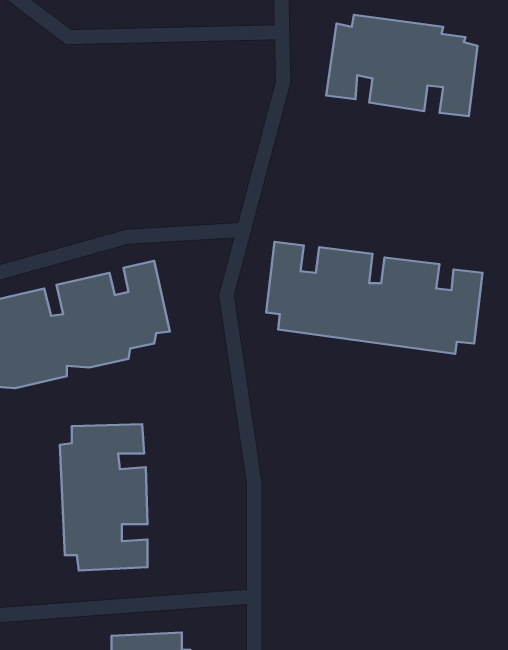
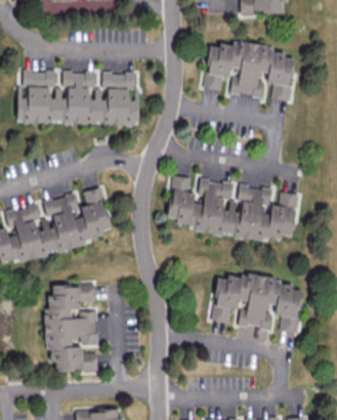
building: none -> [17,70,139,125]
building: none -> [212,274,302,333]

